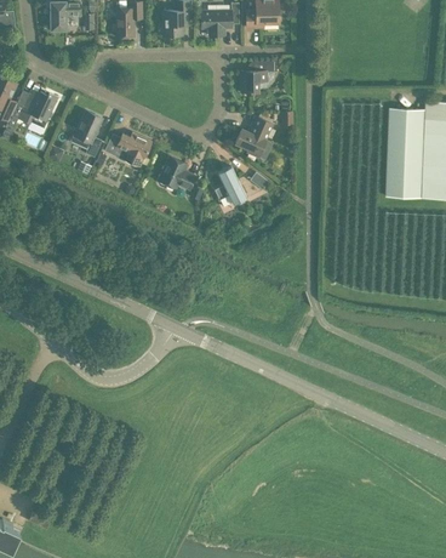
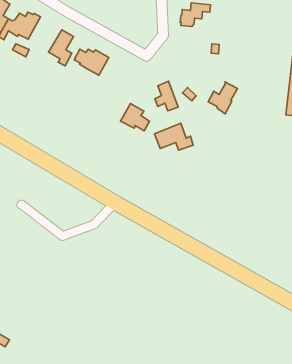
building: [235,116,271,158] -> [208,82,237,114]
building: [158,156,195,190] -> [121,104,150,131]
building: none -> [155,123,193,150]

